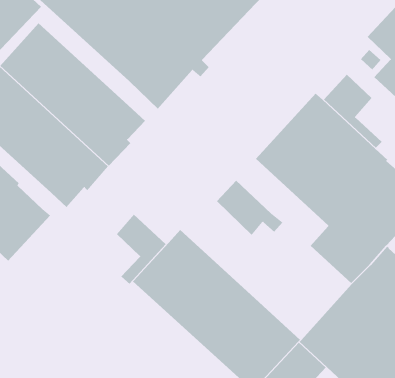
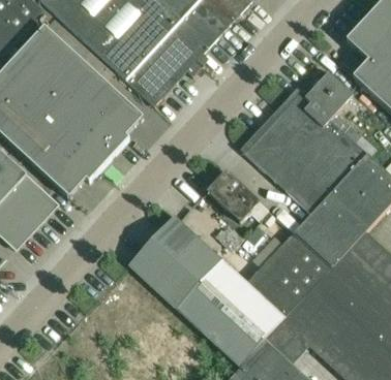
building: [116,214,166,284] -> none
building: none -> [247,217,332,318]

